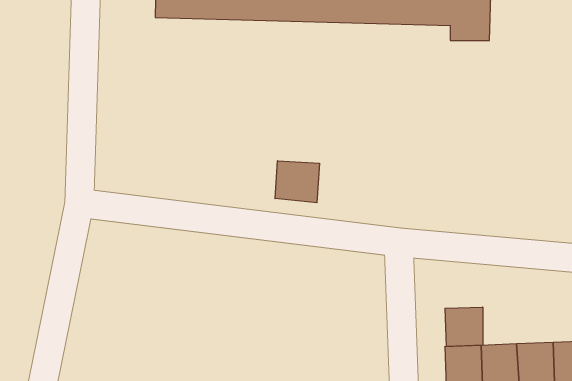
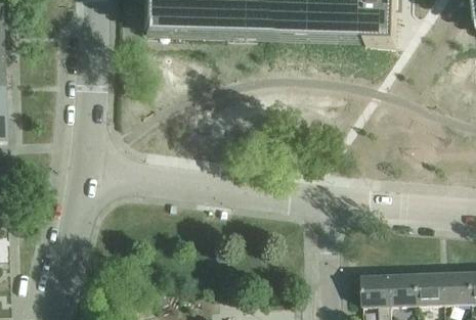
building: [275,161,319,203] -> none
building: [445,307,483,346] -> none

